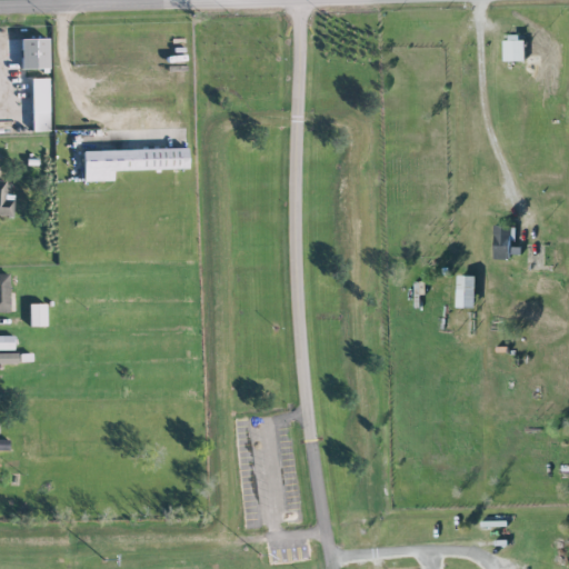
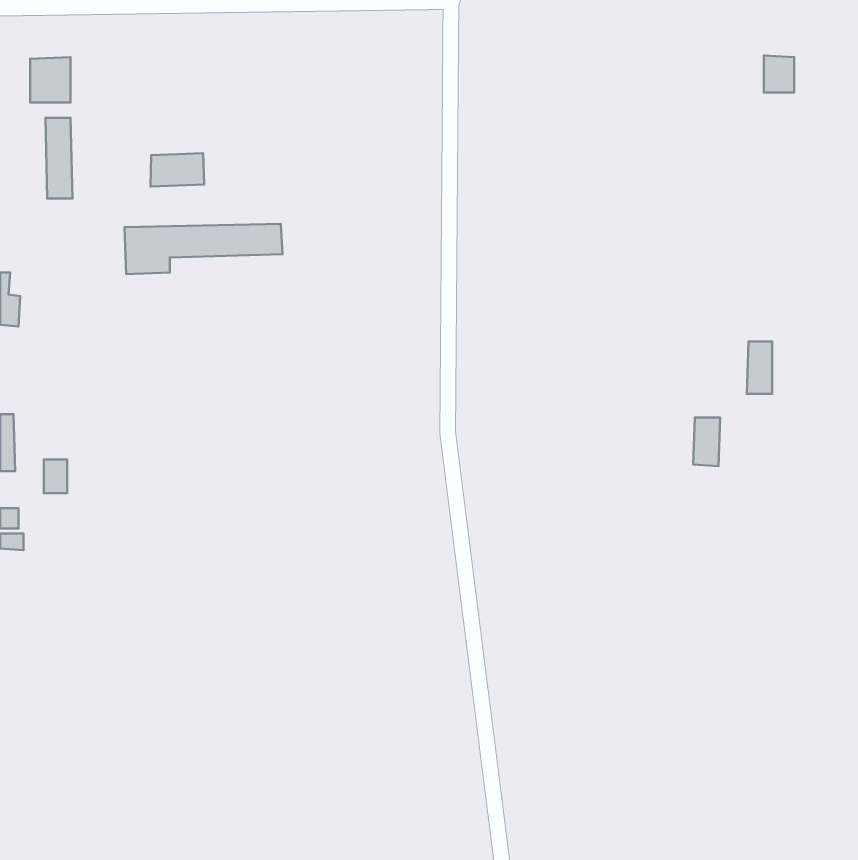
building: none -> [150,153,204,186]

